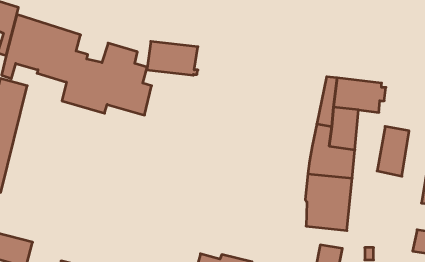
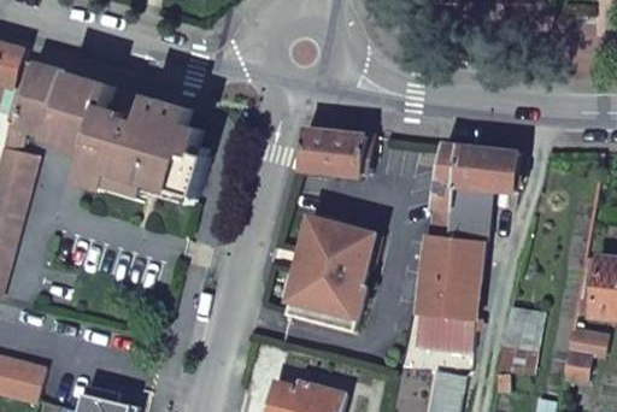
building: [146,41,198,75] -> [299,128,369,173]
building: [377,126,409,176] -> [496,307,540,375]
building: none -> [284,219,375,334]

